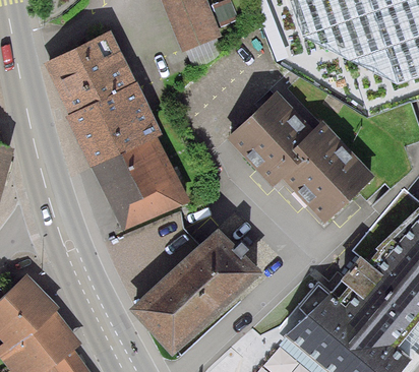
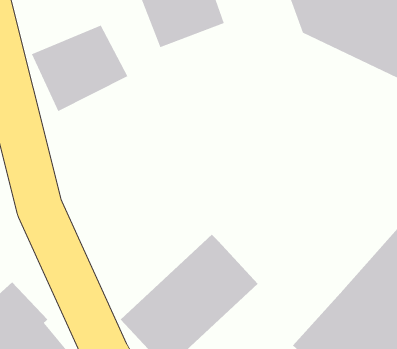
building: [67,82,188,233] -> none
building: [228,92,370,220] -> none

